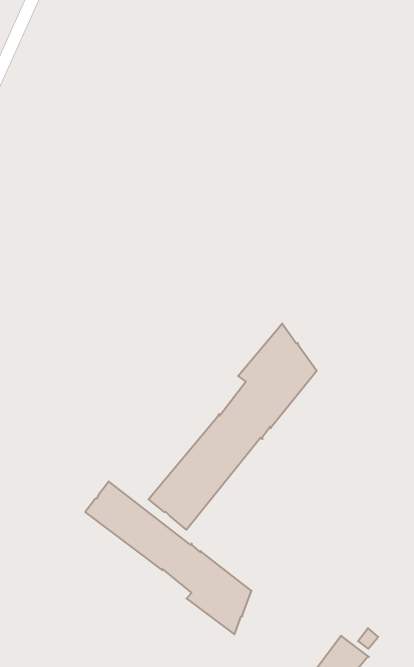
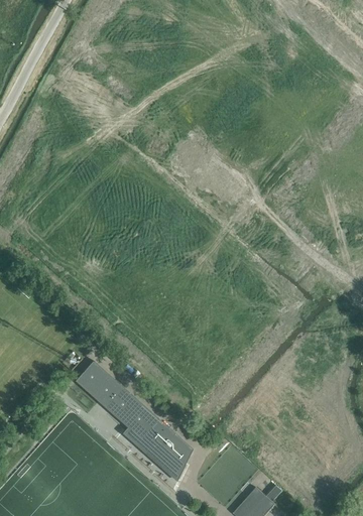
building: [149,323,317,530] -> none

